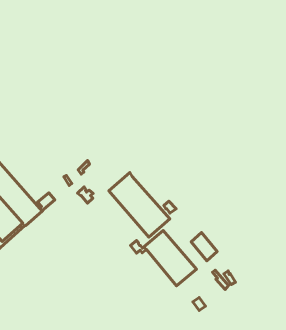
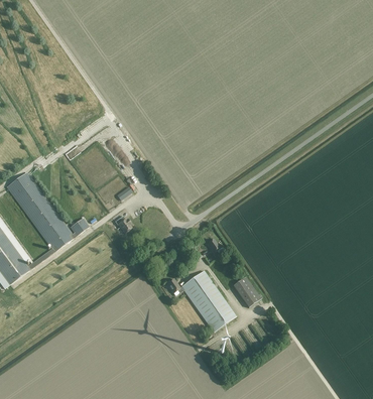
building: [109,172,170,237] -> none

